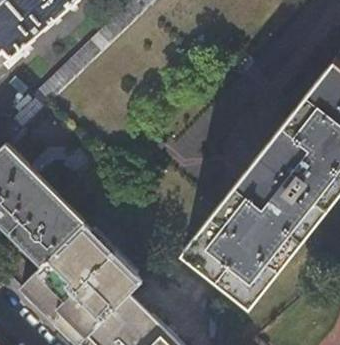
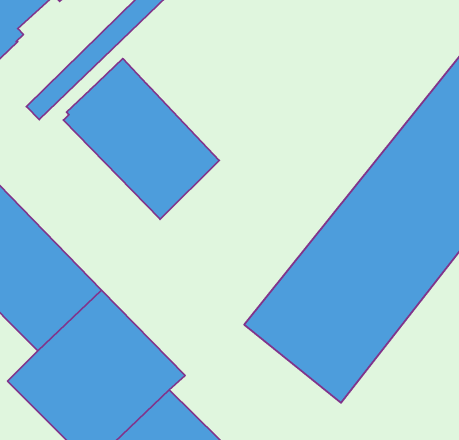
building: none -> [63,59,219,219]

